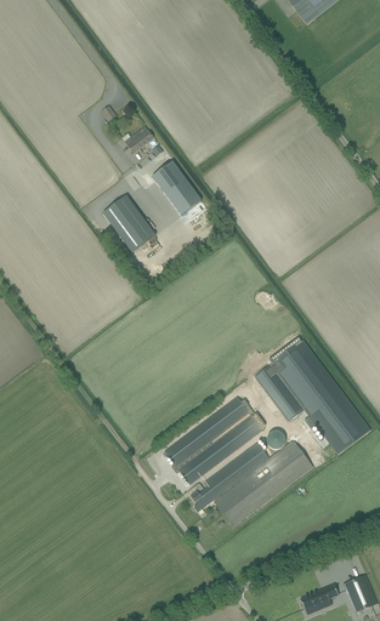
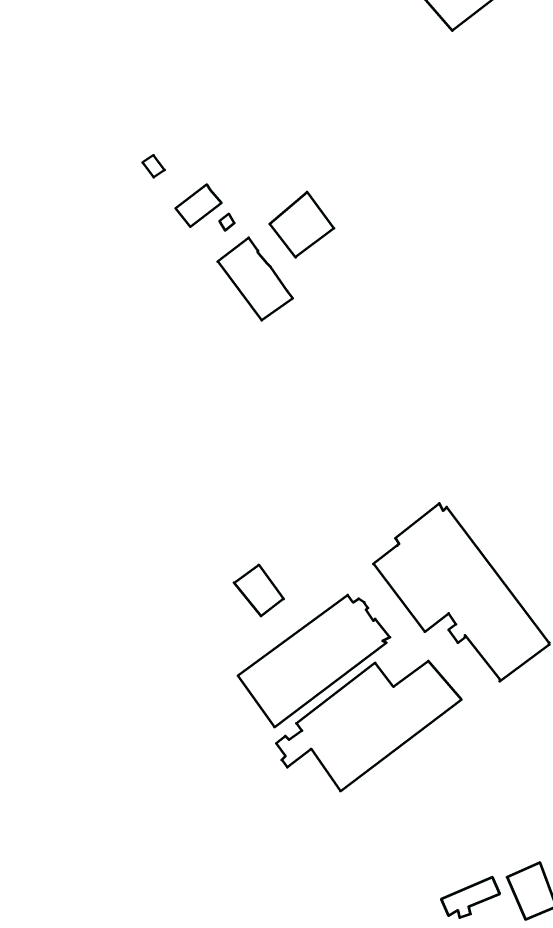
building: none -> [270,192,334,257]
building: [103,194,155,252] -> none
building: none -> [234,565,284,616]

